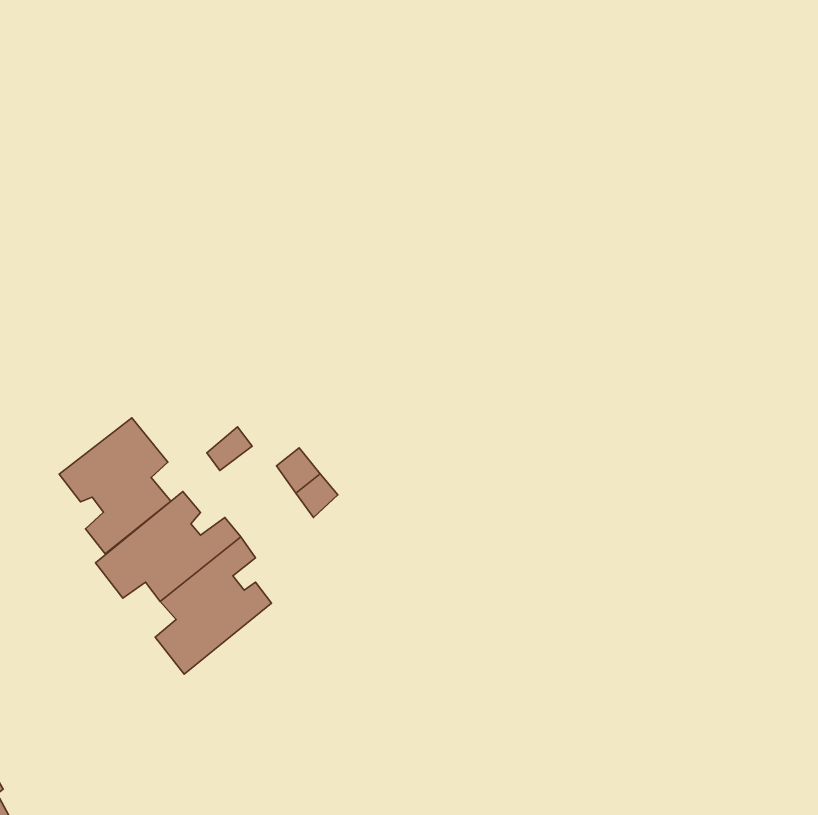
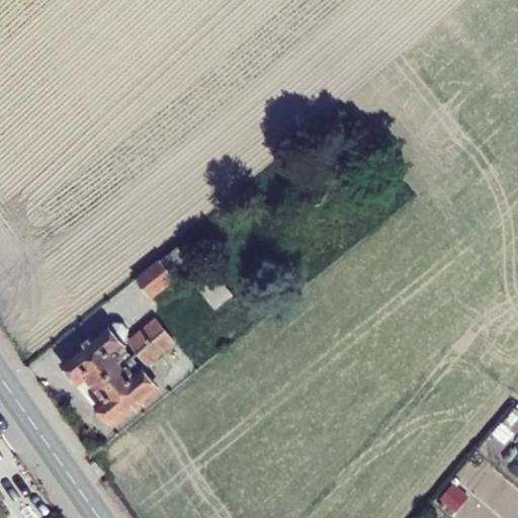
building: [59,418,171,554] -> none

